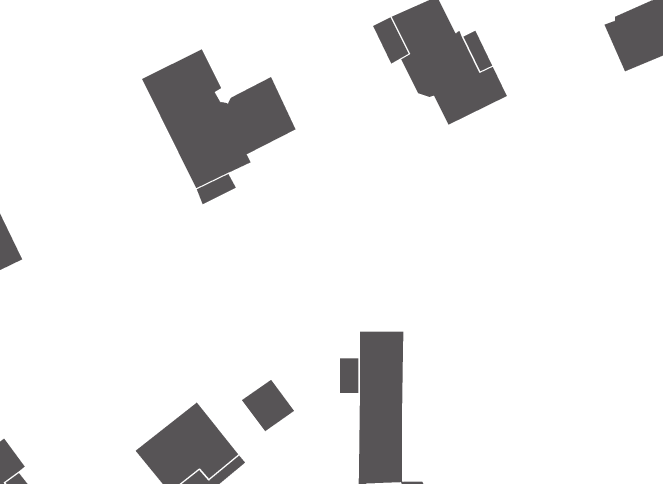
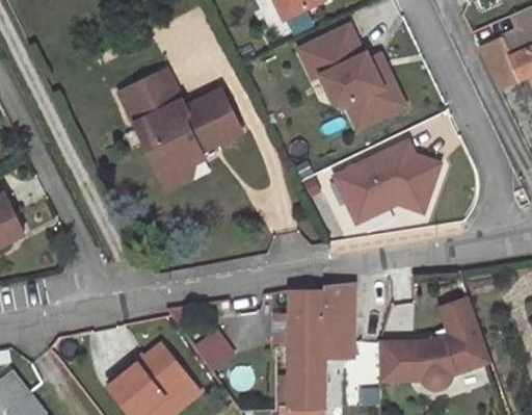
building: none -> [337,141,440,221]
building: none -> [323,283,353,355]
building: none -> [377,297,490,389]

